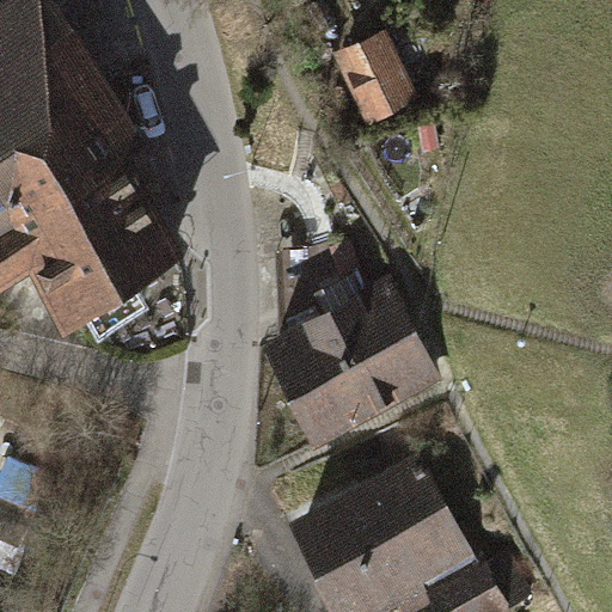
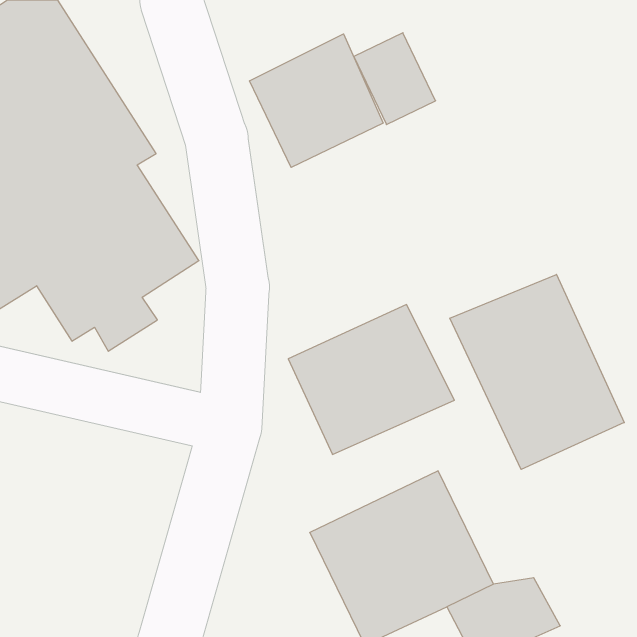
building: none -> [250,34,383,167]
building: none -> [450,274,624,469]

